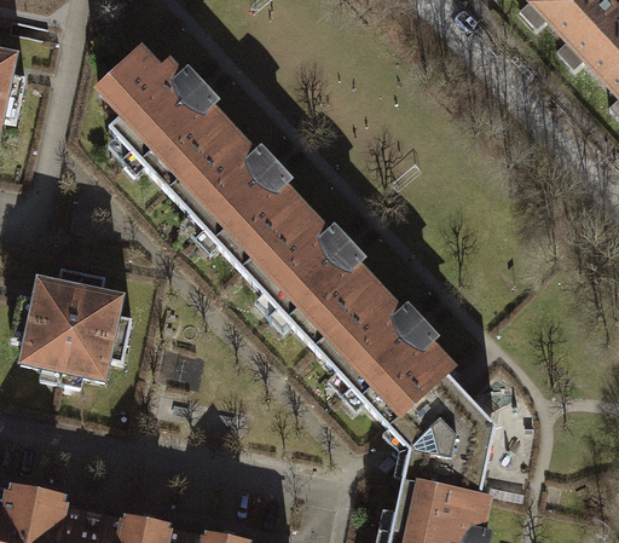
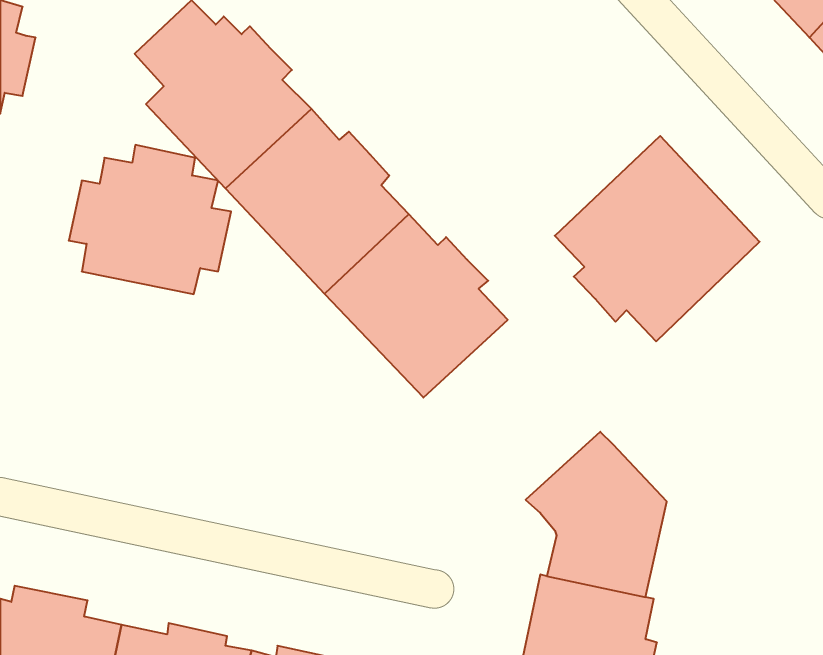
building: none -> [555,136,760,341]
building: [12,266,133,377] -> [69,145,231,294]
building: [316,287,452,423] -> none

